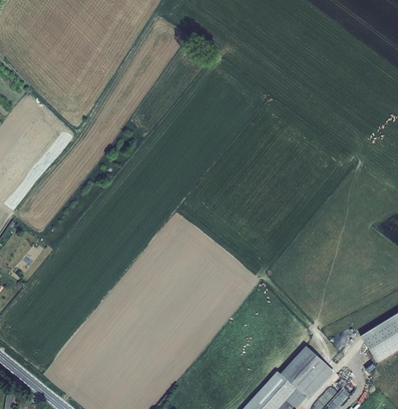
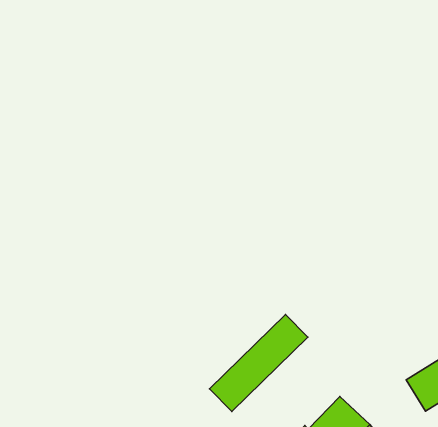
building: none -> [209,315,308,412]

